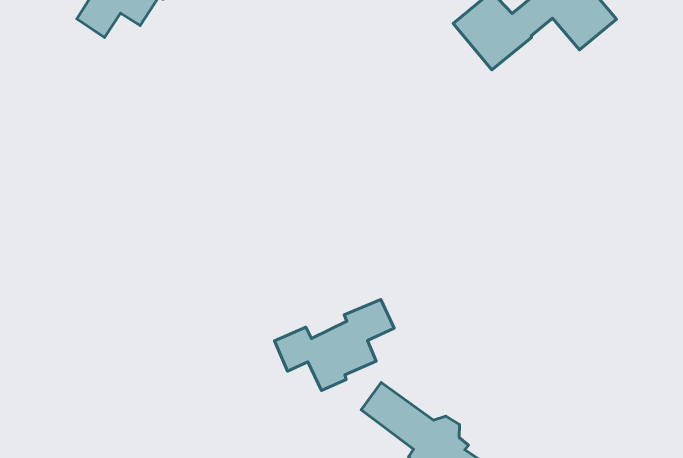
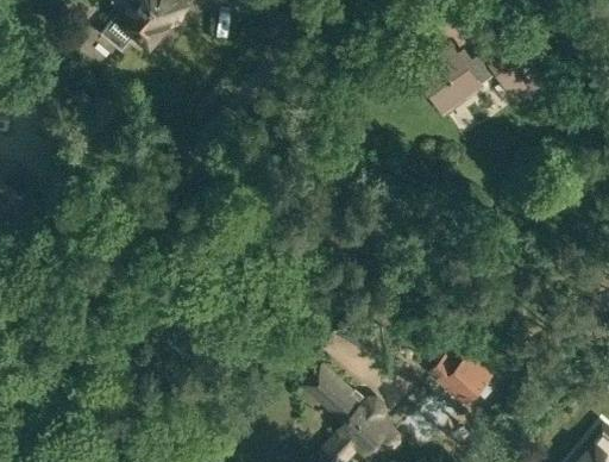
building: [274,299,394,391] -> none
building: none -> [429,355,494,410]

